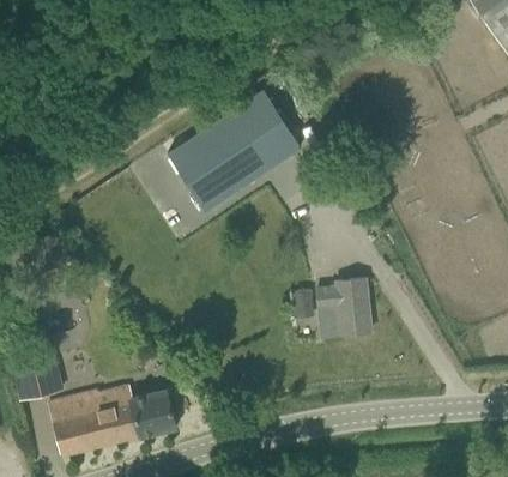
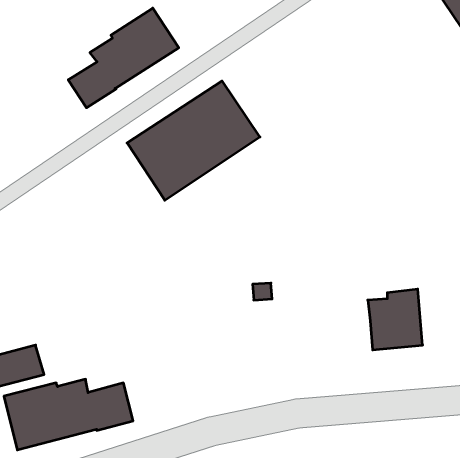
building: none -> [68,8,179,108]
building: [316,278,370,338] -> [368,289,423,350]

